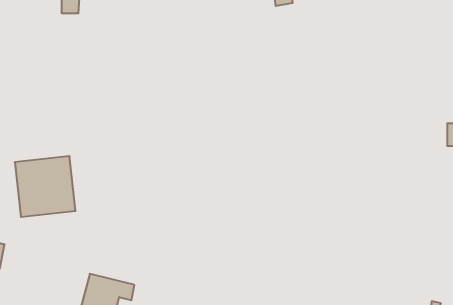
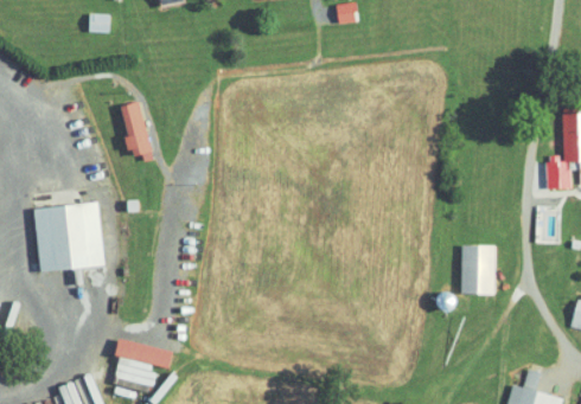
building: none -> [121,102,157,161]
building: none -> [455,245,491,295]

